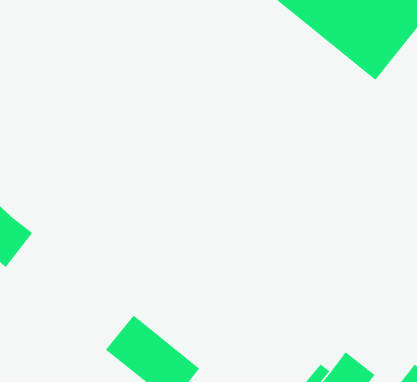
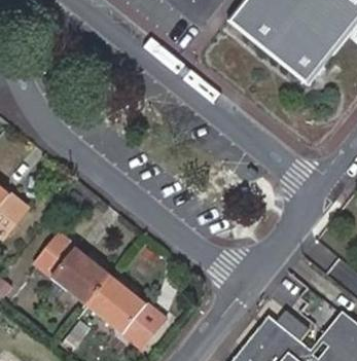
building: none -> [34,232,111,304]

